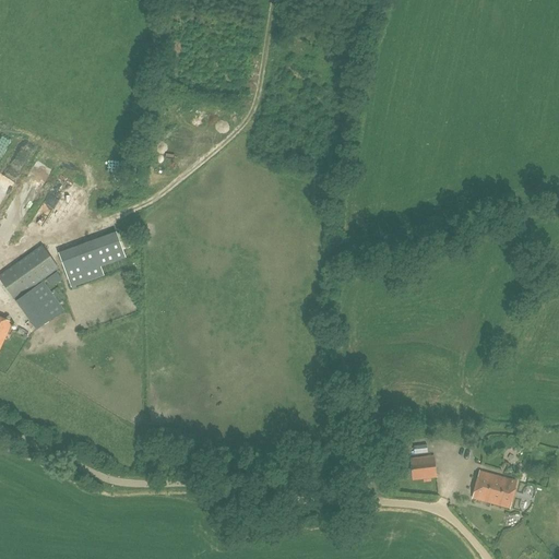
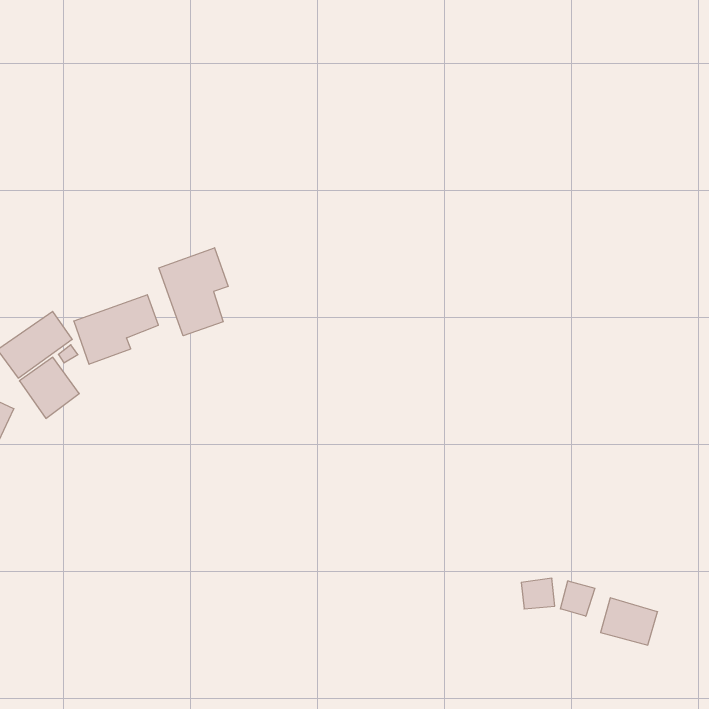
building: none -> [159,248,228,336]
building: none -> [560,581,595,616]

